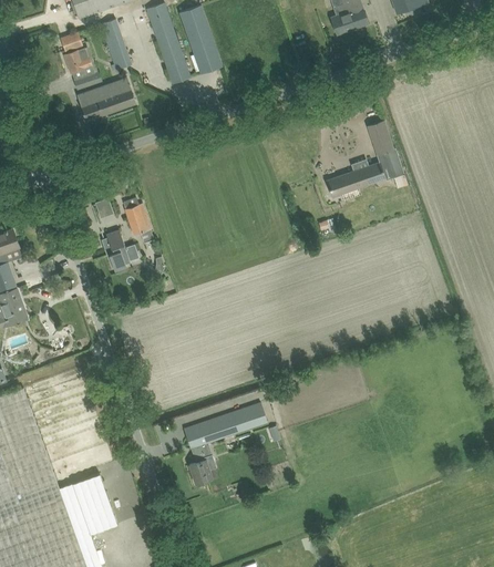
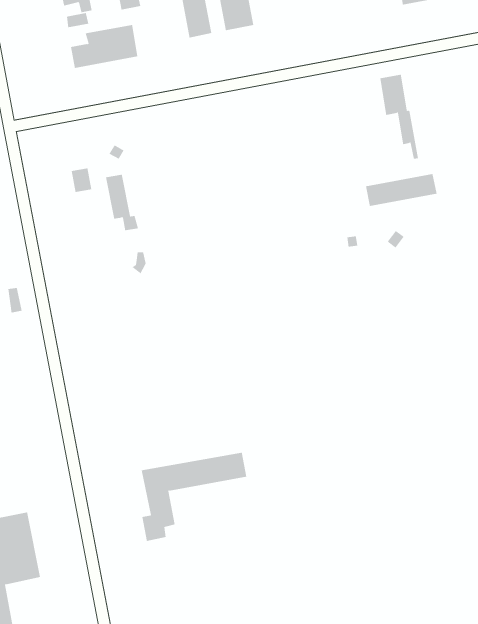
building: [368,121,408,186] -> [380,74,419,159]
building: [101,230,140,270] -> none

